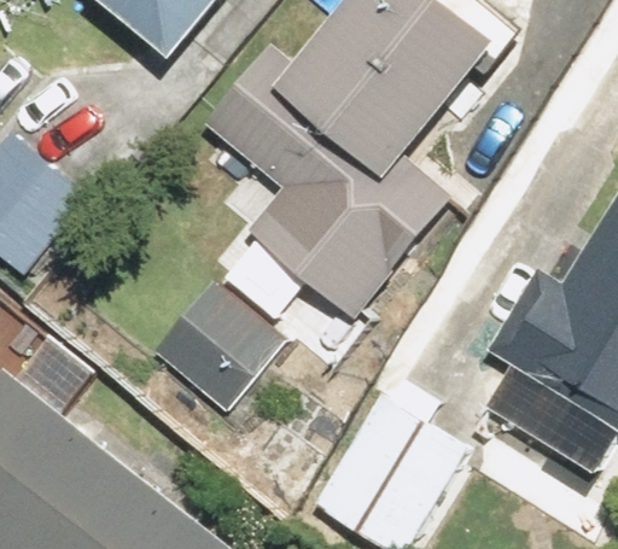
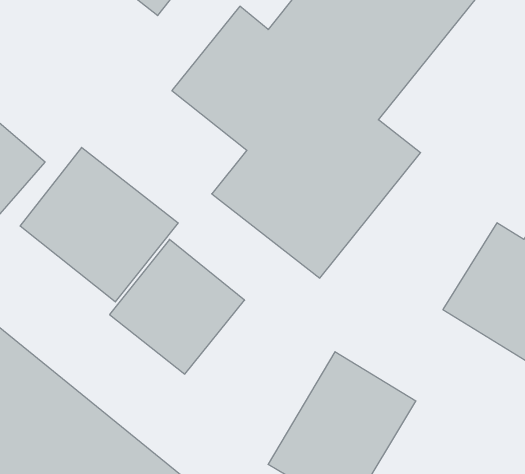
building: none -> [20,147,178,302]

